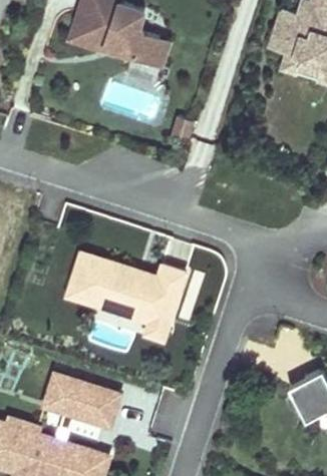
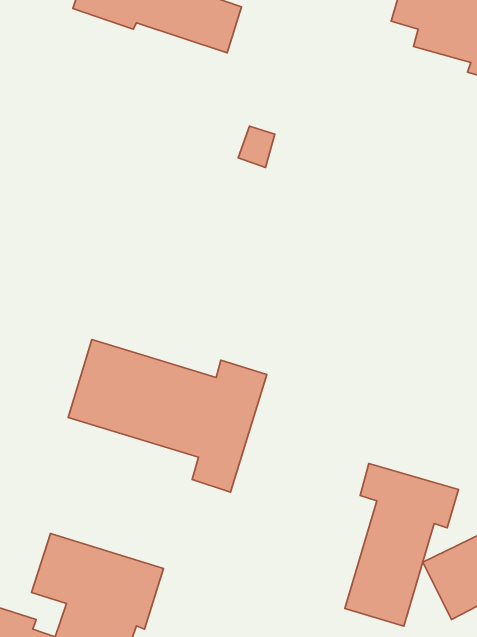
building: none -> [345,463,458,626]

